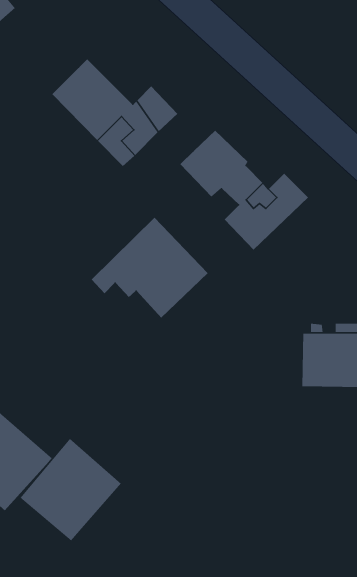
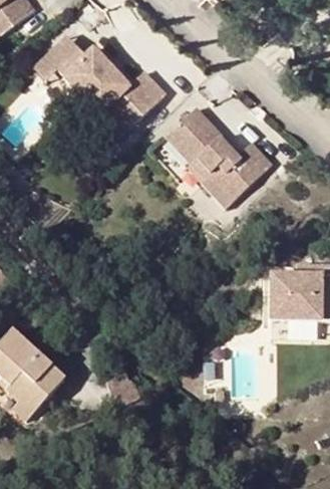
building: none -> [34,37,85,80]
building: [91,217,208,319] -> none
building: [19,438,122,541] -> none

